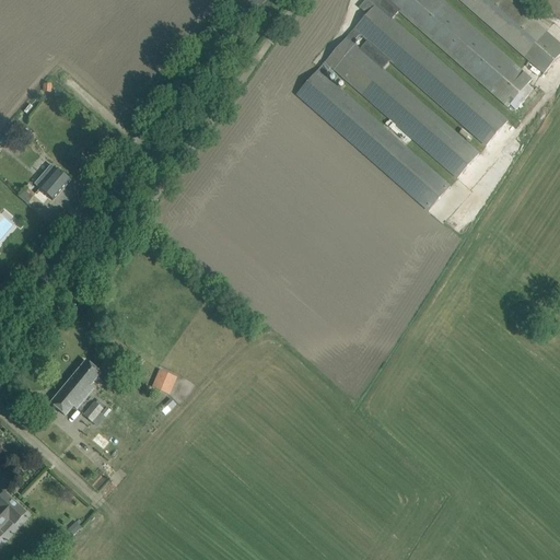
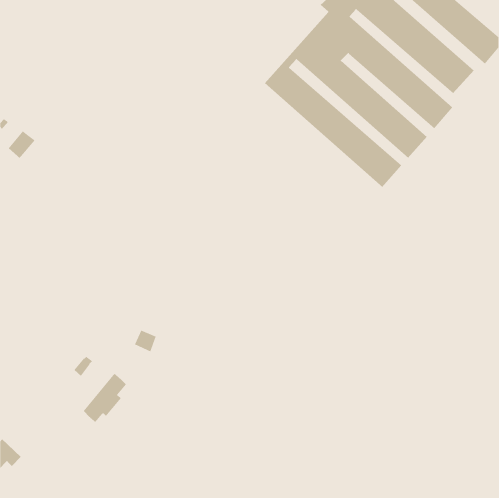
building: [38,167,69,199] -> [8,131,35,159]
building: [49,359,98,415] -> [83,373,127,423]

